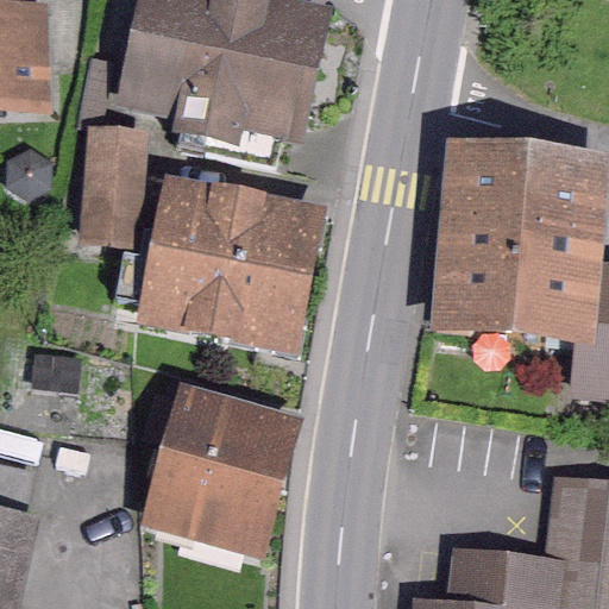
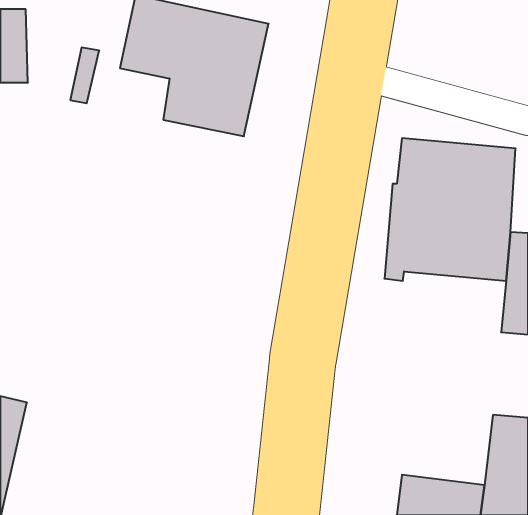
building: [84,133,140,234] -> none
building: [118,197,307,325] -> none
building: [150,388,282,527] -> none

